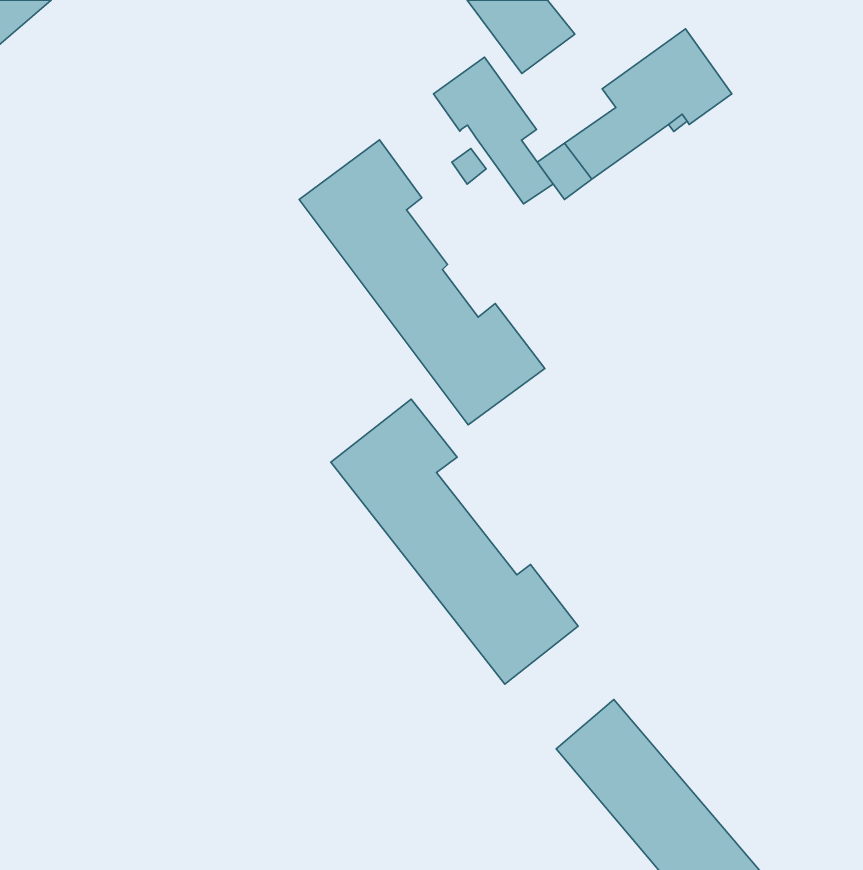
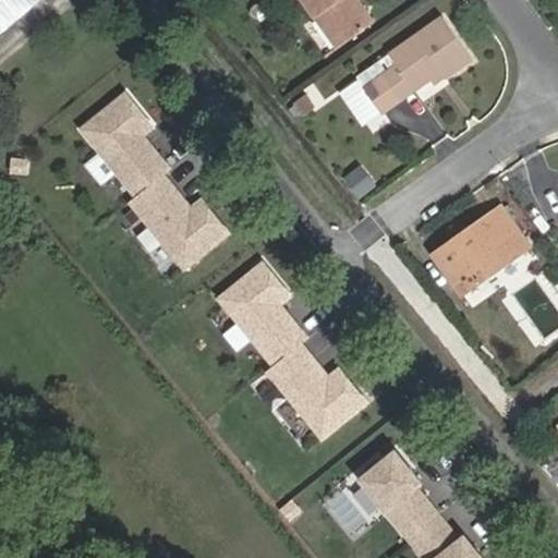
building: [433,57,553,204] -> none
building: [299,140,545,425] -> [75,87,232,269]
building: none -> [429,207,525,296]

